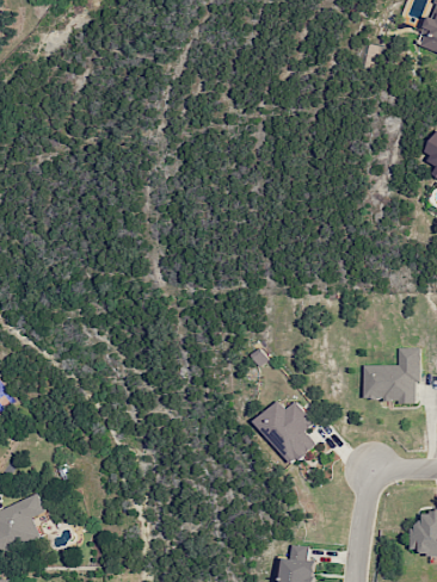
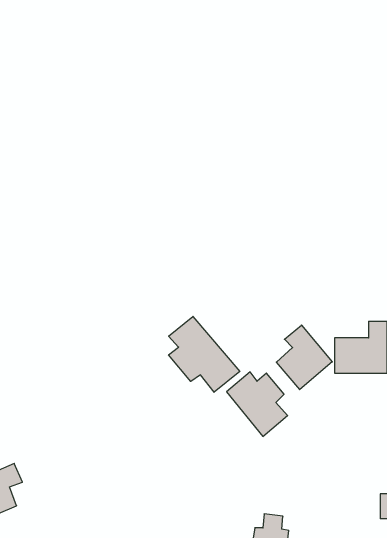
building: none -> [169,316,240,392]
building: none -> [276,325,332,390]

